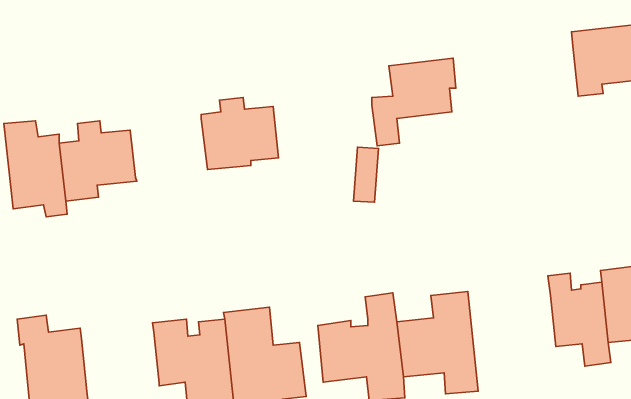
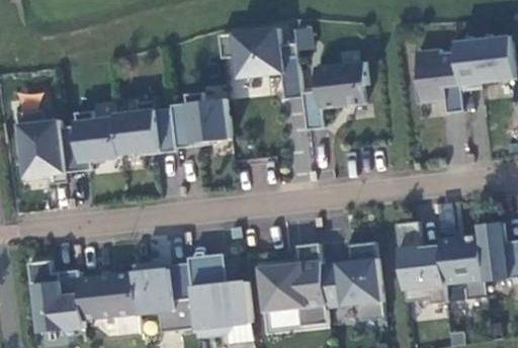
building: none -> [219,28,301,99]
building: none -> [414,50,462,113]
building: none -> [115,100,176,155]
building: none -> [397,222,445,304]
building: none -> [78,273,138,319]

